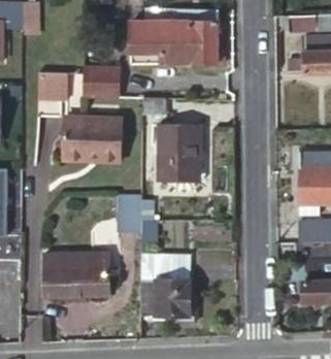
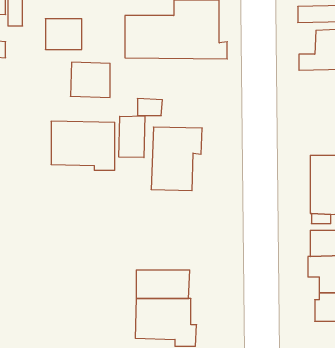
building: [36,72,69,100] -> [45,19,82,49]
building: none -> [119,116,145,158]
building: [118,197,141,234] -> none
building: [44,255,109,298] -> none

